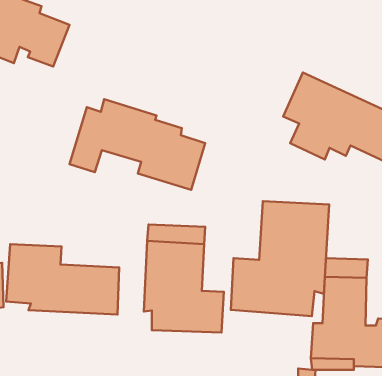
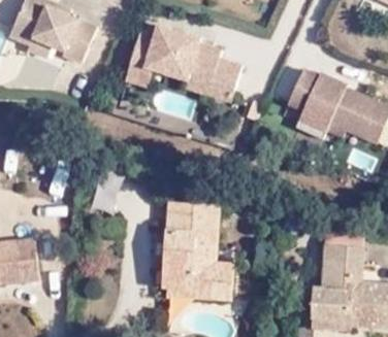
building: [69,99,205,190] -> [123,25,244,105]
building: [231,201,329,316] -> none
building: [6,244,119,315] -> none

